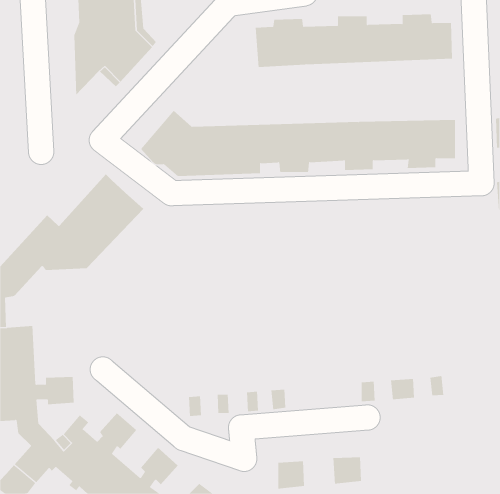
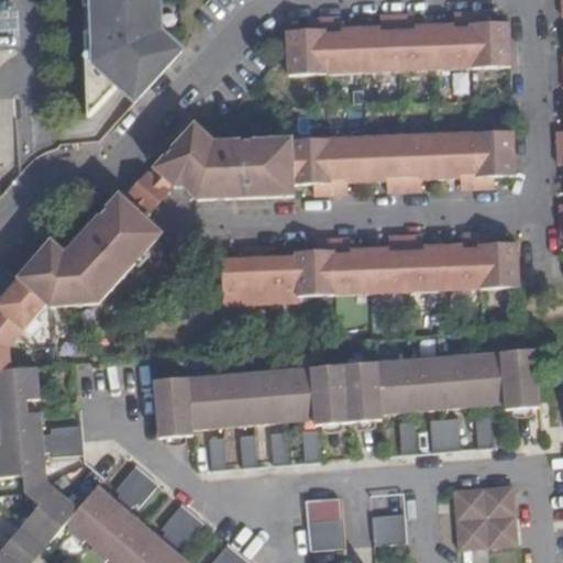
building: none -> [125,167,172,216]
building: none -> [221,233,517,300]
building: none -> [155,349,539,443]
building: none -> [457,487,516,549]

